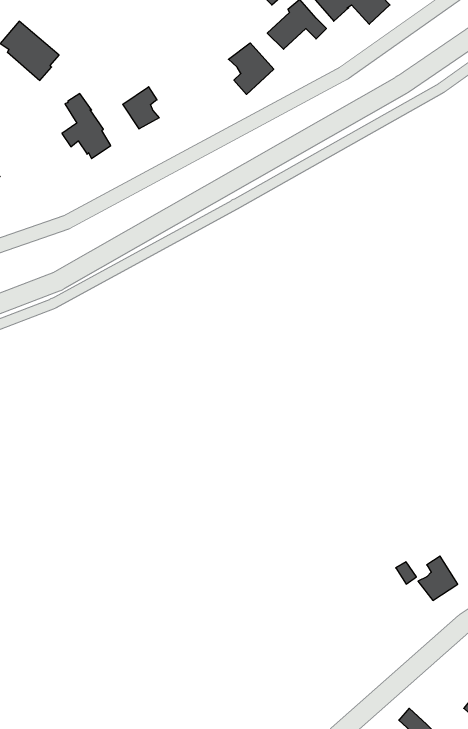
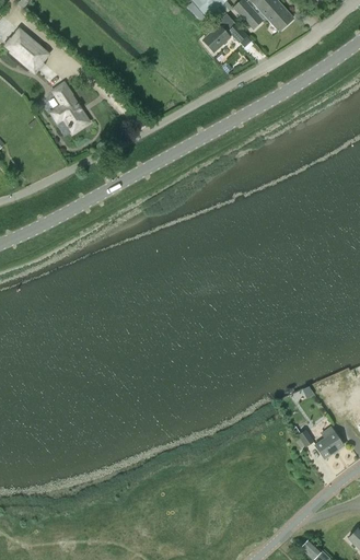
building: [228,43,274,94] -> none
building: [123,87,159,129] -> none

